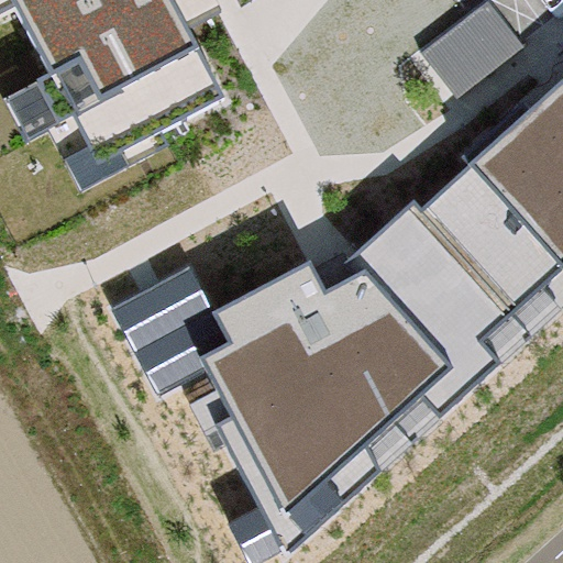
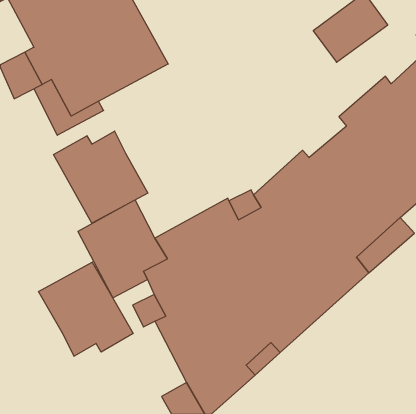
building: none -> [54,131,148,223]
building: none -> [39,262,133,356]

